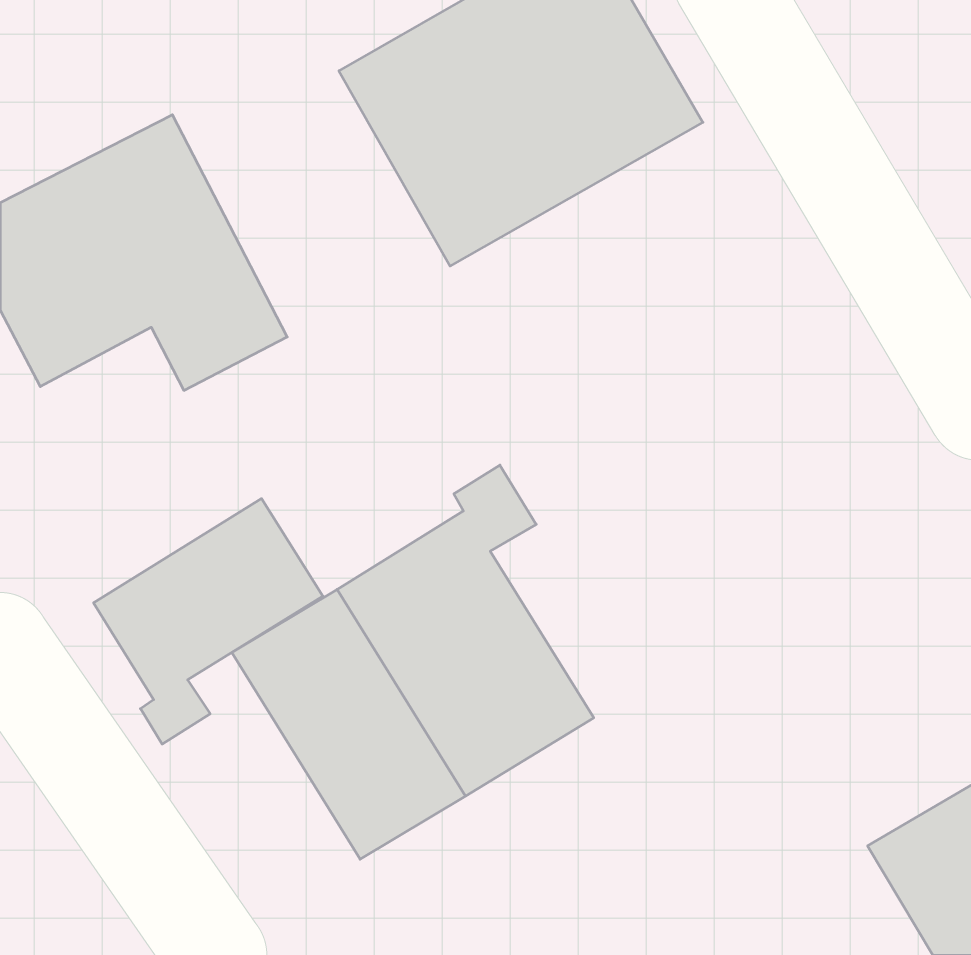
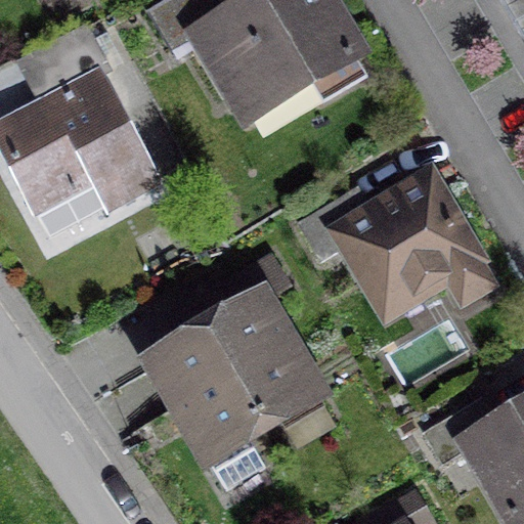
building: none -> [336,175,507,330]
building: [94,499,323,744] -> none

